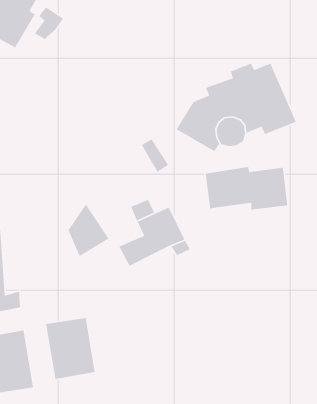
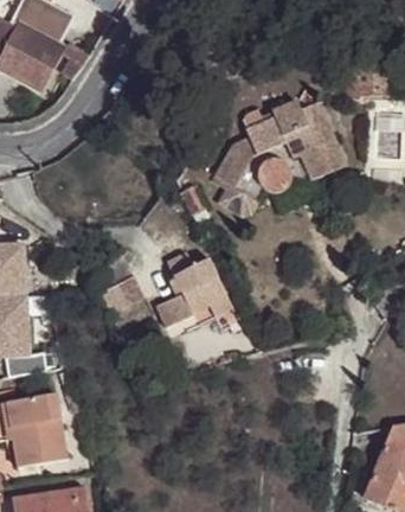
building: [205,166,288,210] -> none
building: [45,317,96,380] -> none

